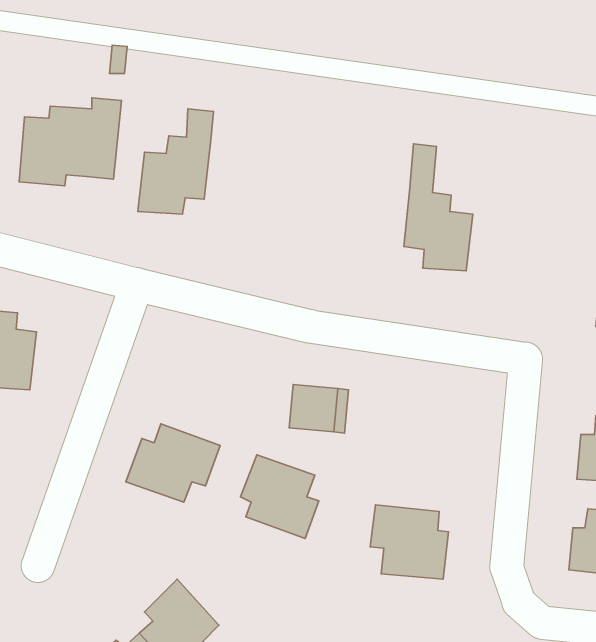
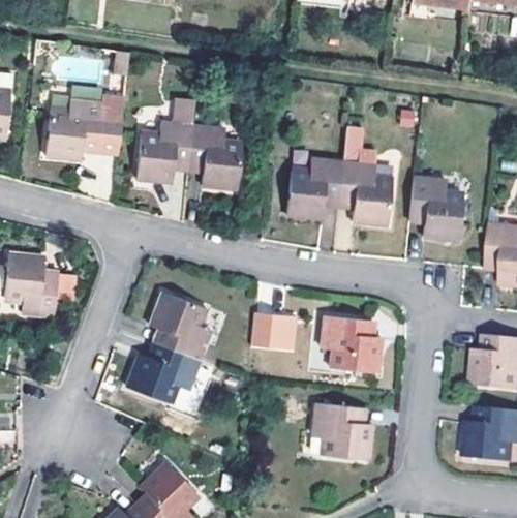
building: none -> [186,125,241,189]
building: none -> [286,160,343,219]
building: none -> [408,179,460,241]
building: none -> [323,316,382,373]
building: [240,455,319,539] -> [149,295,209,359]

